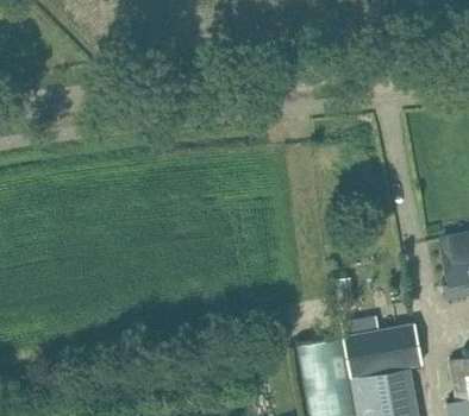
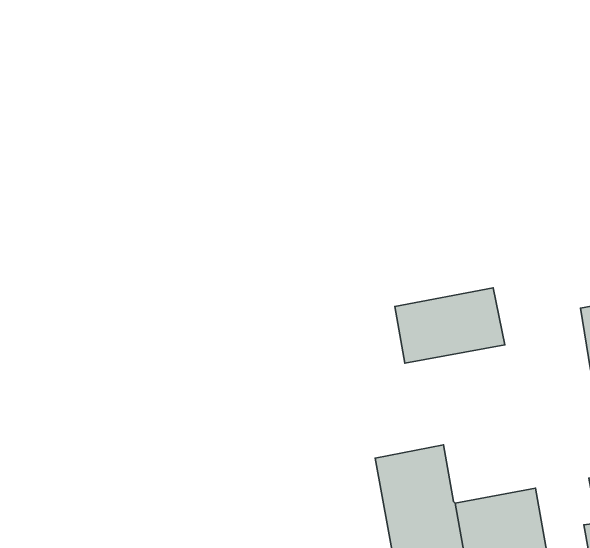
building: [345,323,424,377] -> [395,288,505,363]

